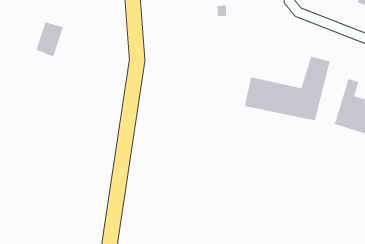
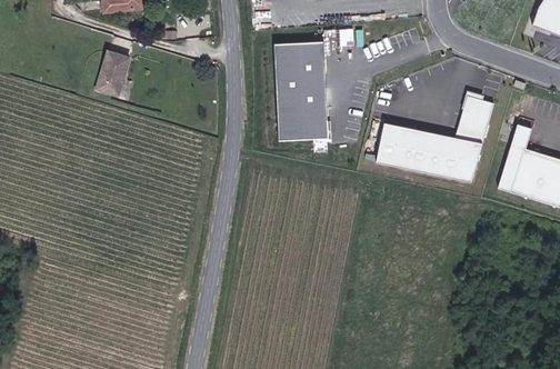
building: none -> [272,41,328,141]

